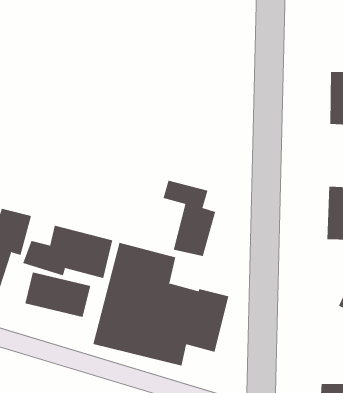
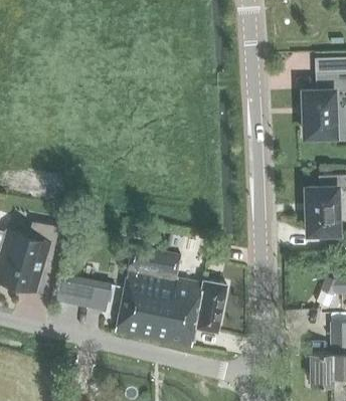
building: [163,180,216,257] -> none
building: [22,225,113,279] -> none

